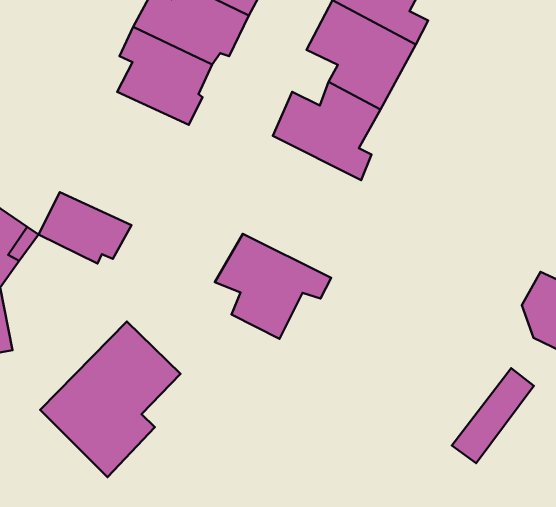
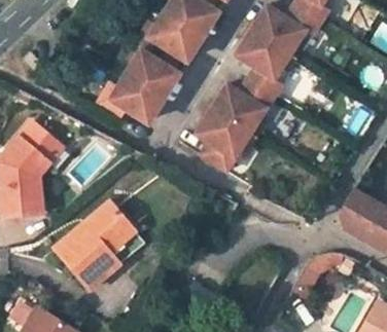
building: [38,192,131,263] -> [102,69,156,112]
building: [215,234,331,339] -> [186,102,254,164]

